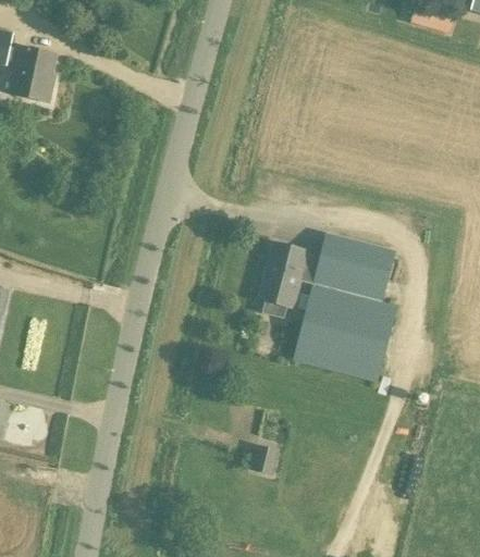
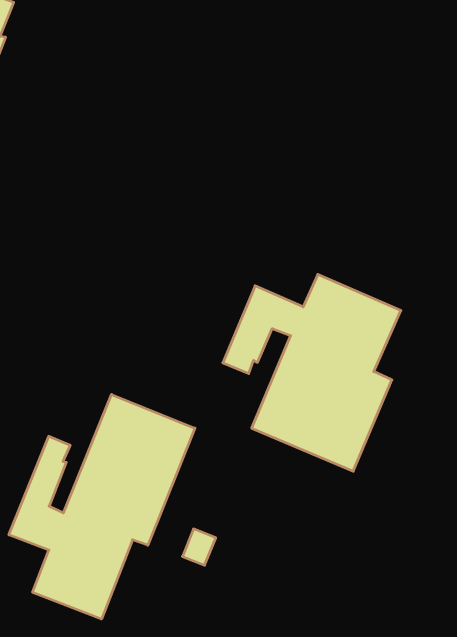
building: none -> [9,394,195,619]

